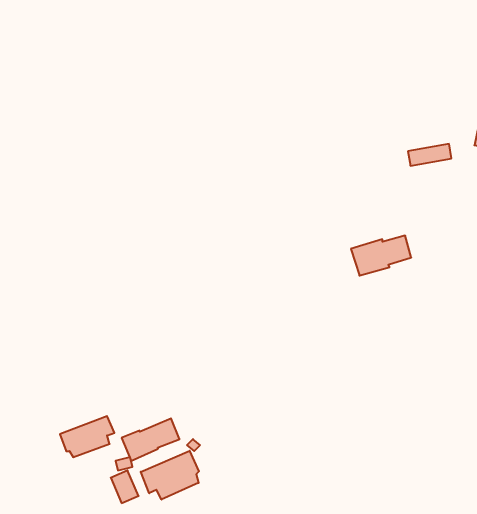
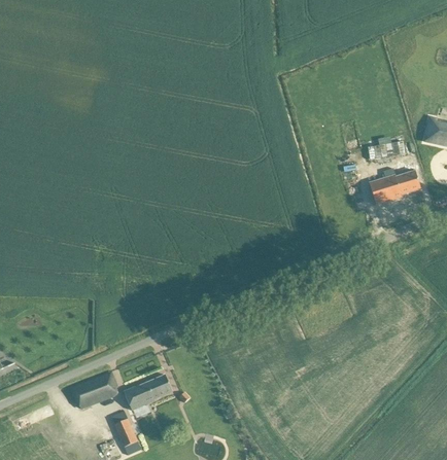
building: [351,236,411,276] -> [369,171,420,205]
building: [141,451,199,500] -> none

